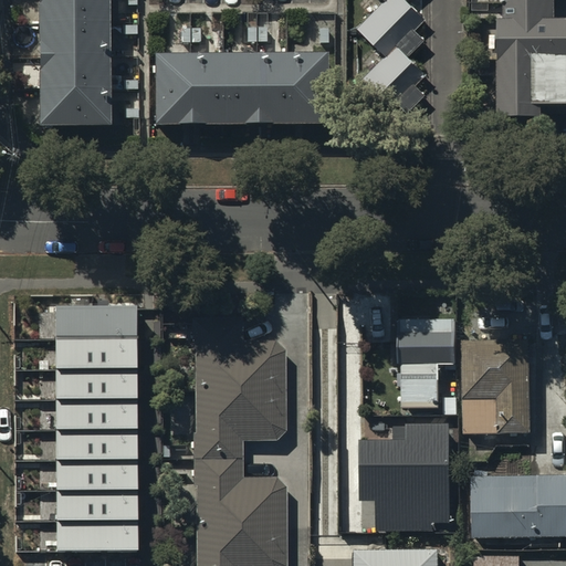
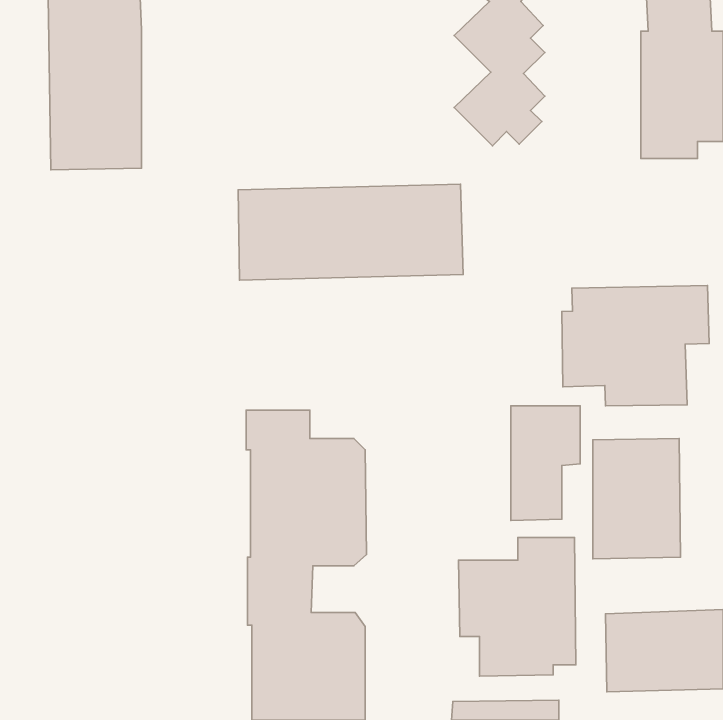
building: [156,48,332,123] -> [238,184,463,280]
building: none -> [562,285,709,406]
building: [43,310,125,556] -> none

